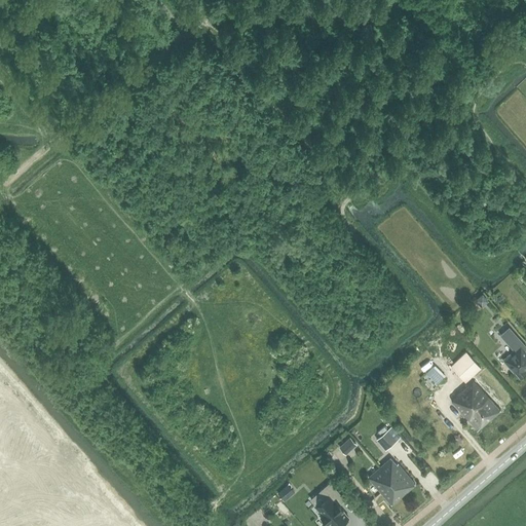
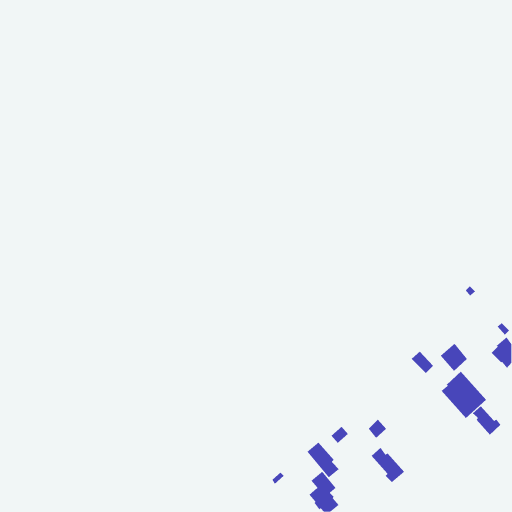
building: none -> [472,405,501,436]
building: [368,467,402,504] -> [307,442,340,478]

